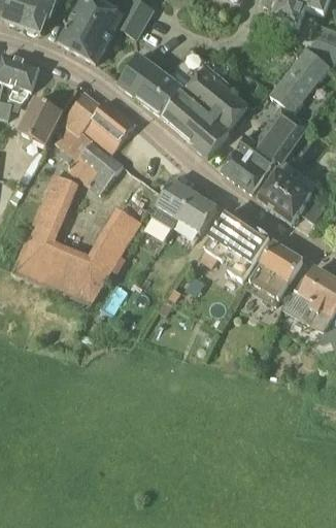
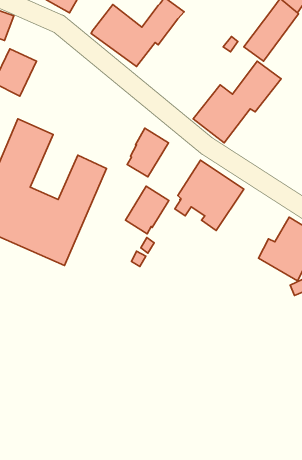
building: [164,68,249,156] -> none
building: [56,92,136,192] -> none
building: [260,169,313,222] -> none
building: [175,192,219,239] -> [125,186,169,234]
building: [250,240,304,298] -> none

